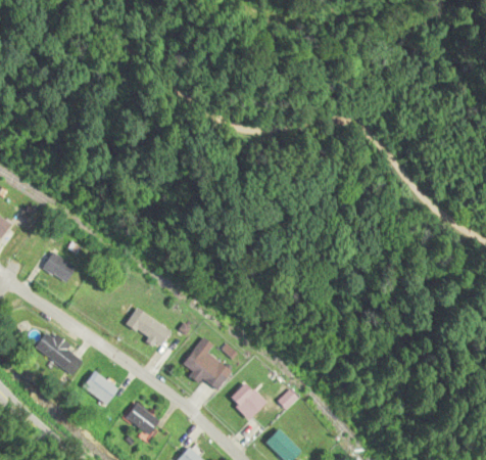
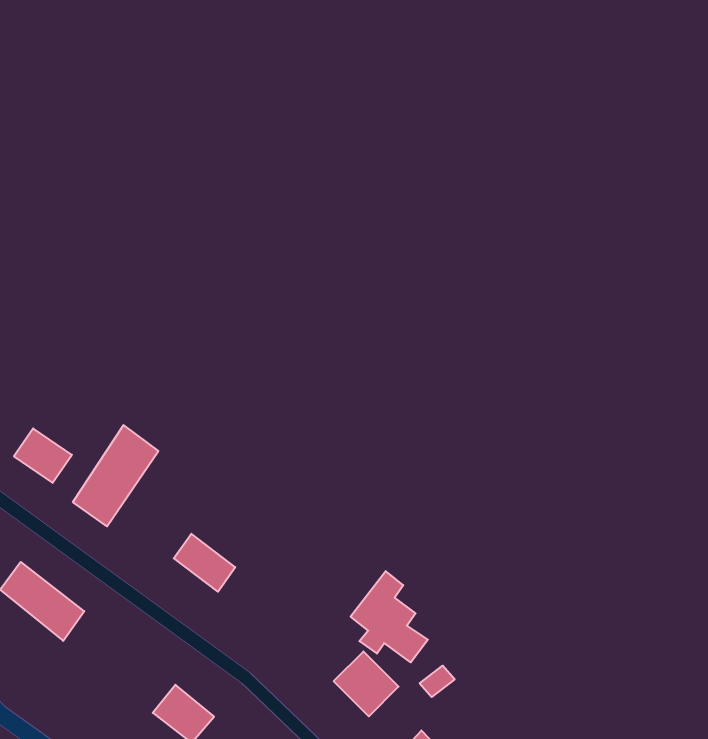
building: none -> [73,425,158,526]
building: [184,336,229,389] -> [351,571,428,662]
building: [82,369,118,405] -> none

